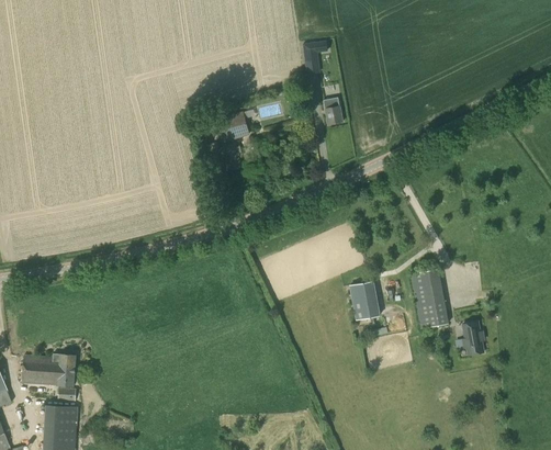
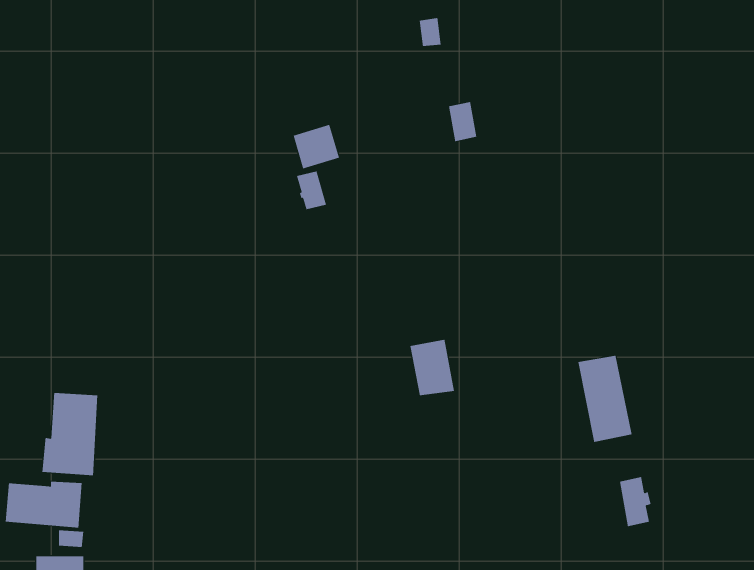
building: [349,281,380,319] -> [409,339,455,396]
building: none -> [42,392,98,476]
building: [462,320,484,355] -> [619,477,651,527]

